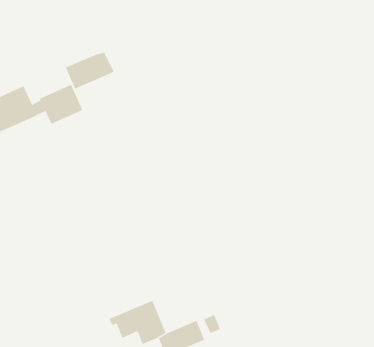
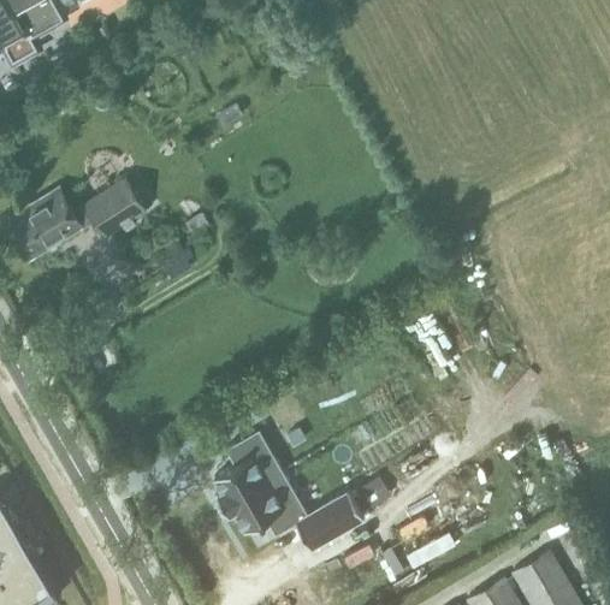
building: [65,52,115,90] -> none
building: none -> [213,432,282,508]

